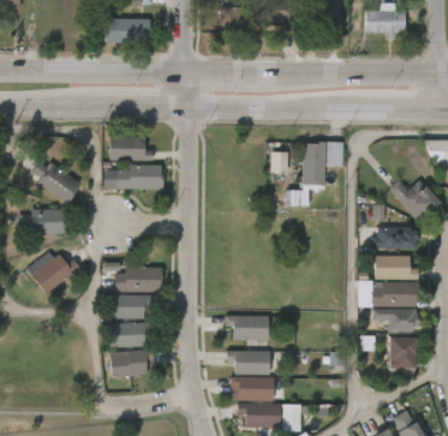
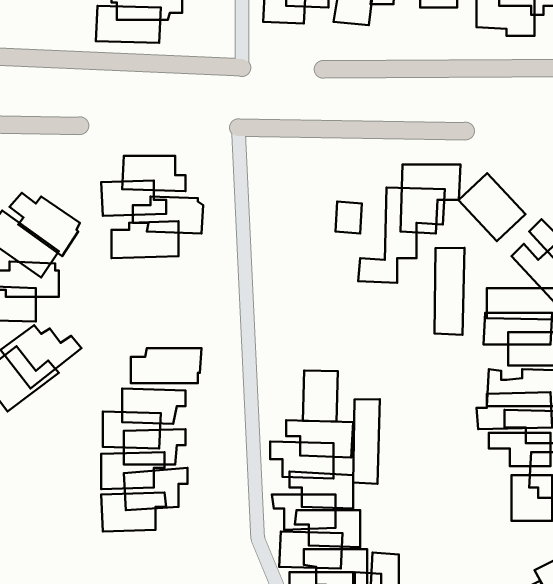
building: none -> [459,173,526,241]
building: none -> [435,248,464,335]
building: none -> [303,370,338,422]
building: none -> [353,399,380,484]

